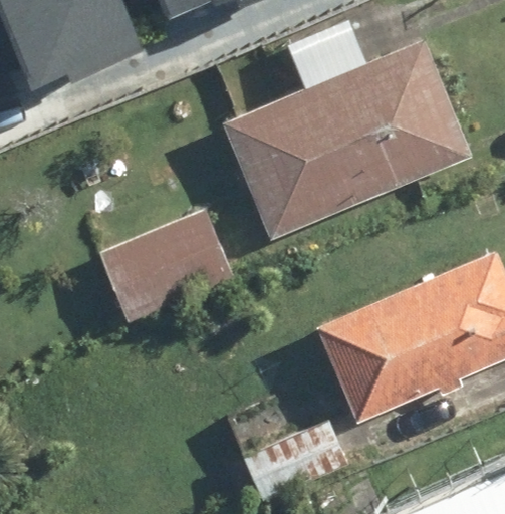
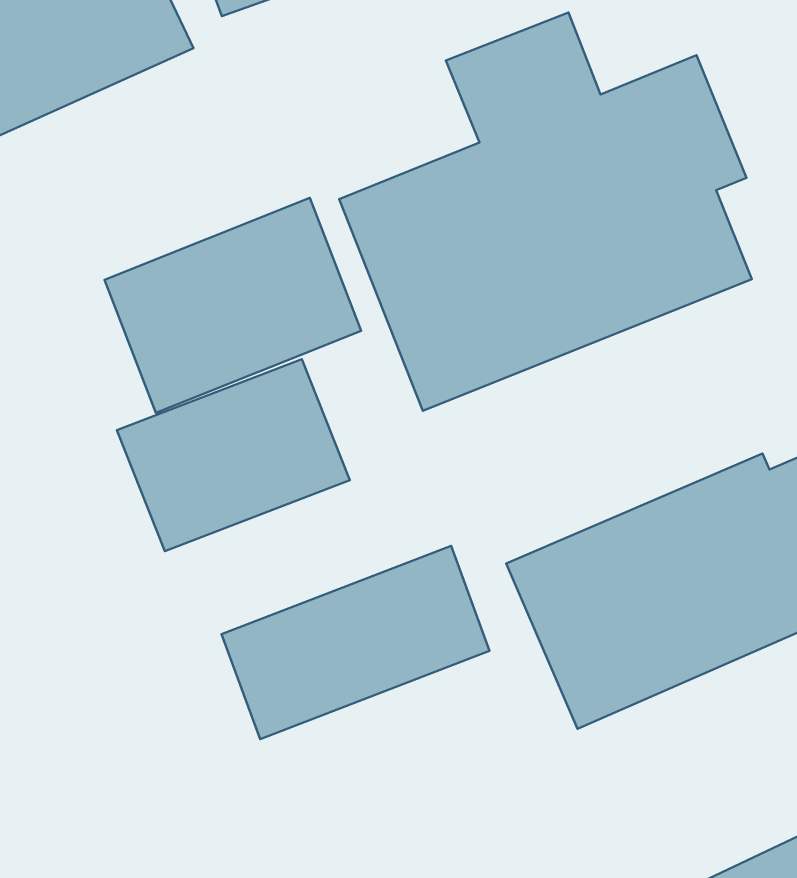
building: none -> [104,198,361,413]
building: none -> [222,546,490,739]

